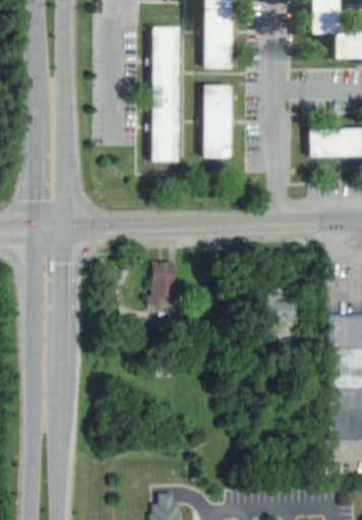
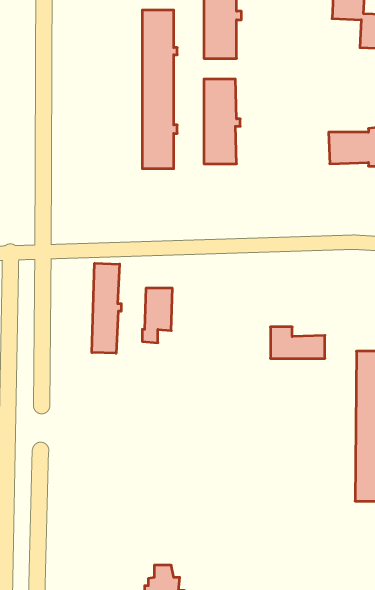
building: none -> [92,263,121,353]

